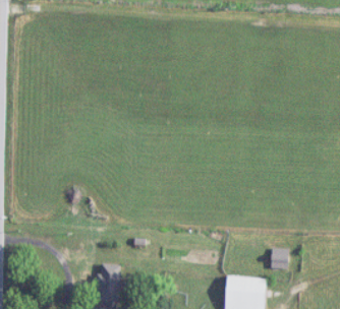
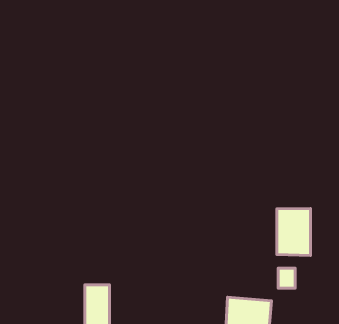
building: none -> [277,208,310,255]

